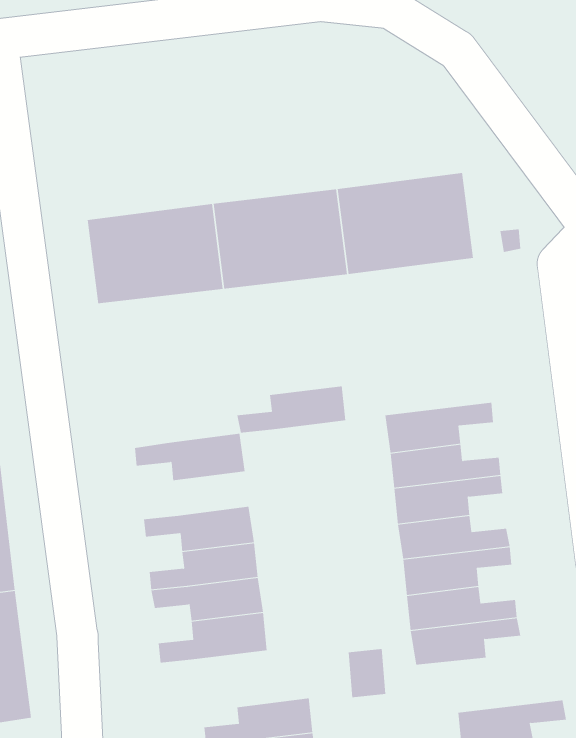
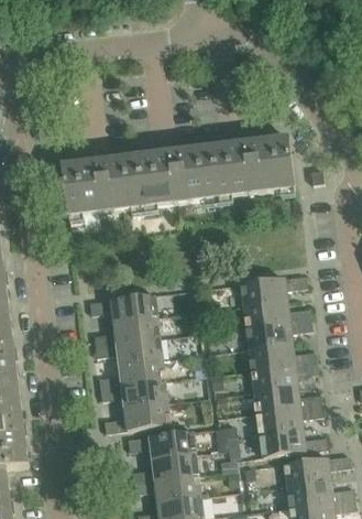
building: [236,386,346,433] -> [92,315,158,344]
building: none -> [259,428,326,455]
building: none -> [127,429,195,457]

